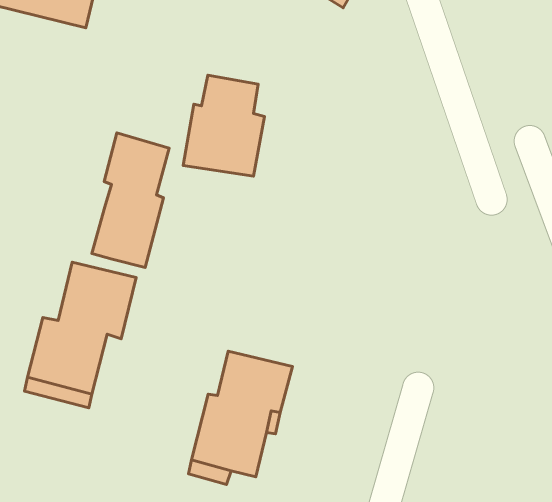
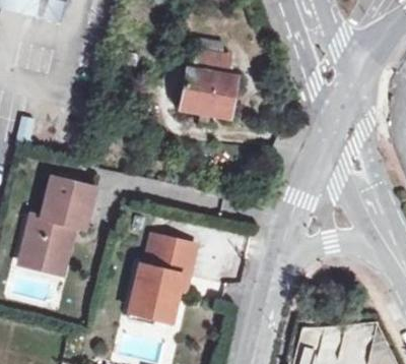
building: [183,75,264,176] -> [183,49,236,116]
building: [92,133,169,267] -> none

